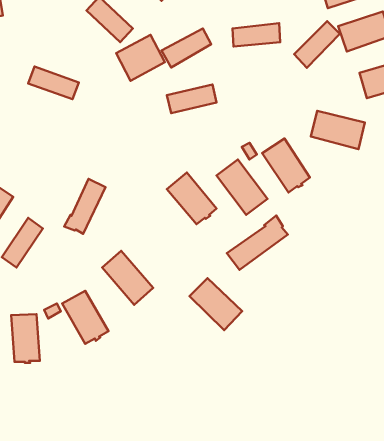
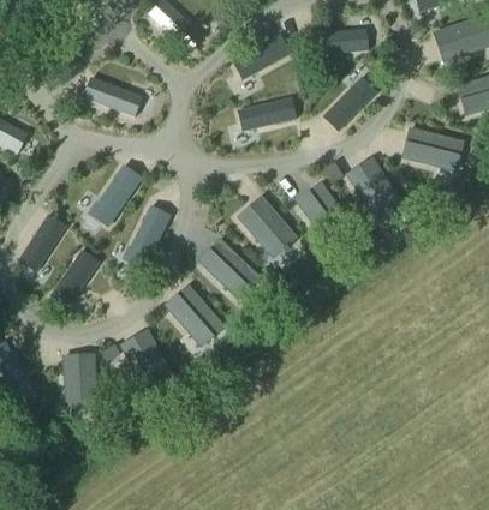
building: [294,21,340,68] -> [323,77,375,130]
building: [116,35,165,81] -> none
building: none -> [89,163,142,224]
building: [227,215,288,270] -> none
building: [189,278,242,330] -> [199,240,260,299]

